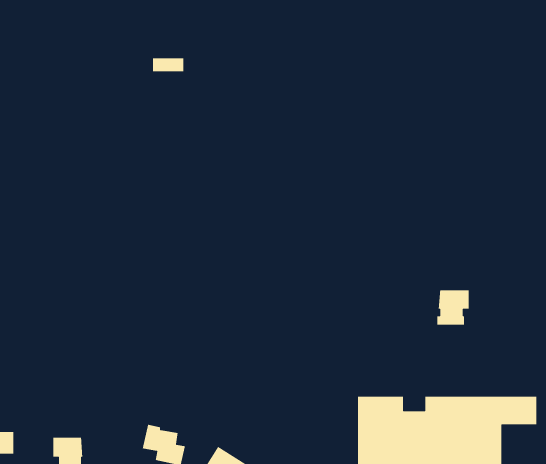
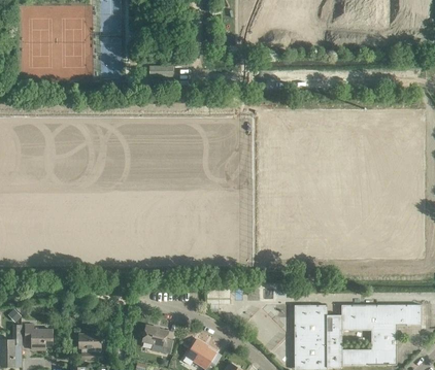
building: [436,290,469,325] -> none

